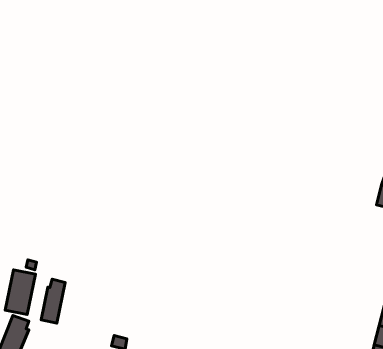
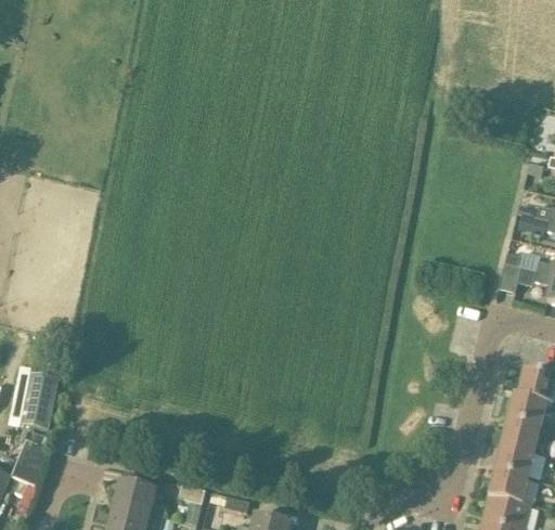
building: [41,279,65,323] -> none

